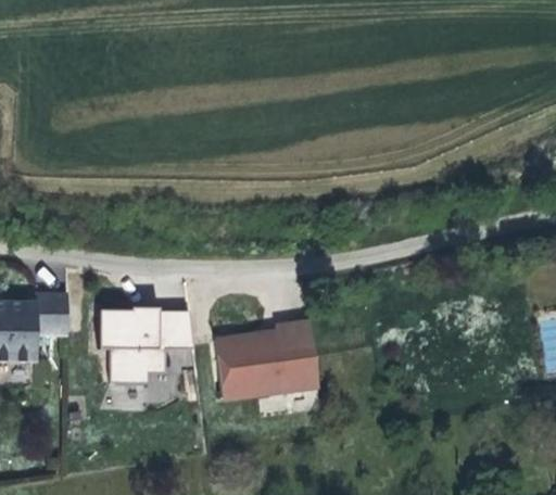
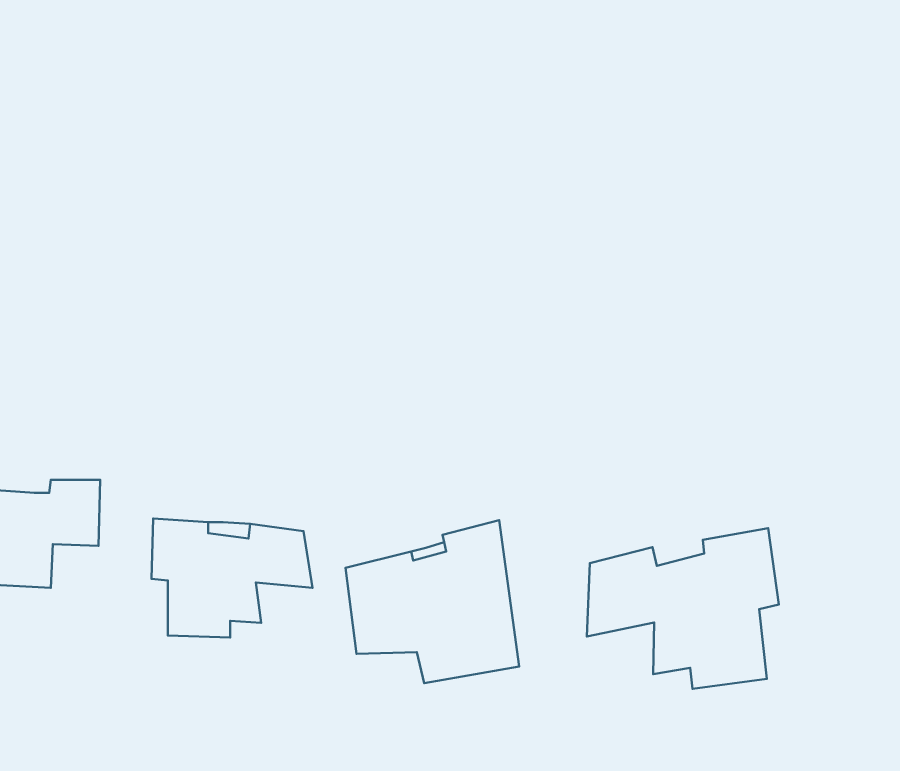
building: none -> [587,528,779,689]

